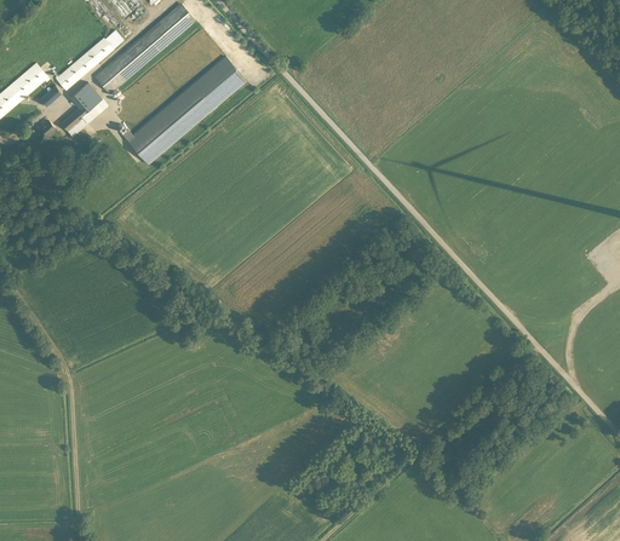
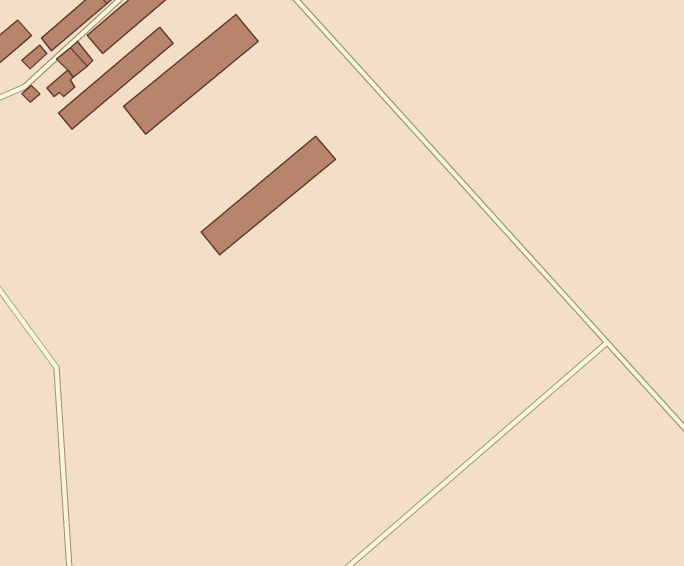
building: none -> [58,27,173,129]
building: none -> [201,136,335,255]

